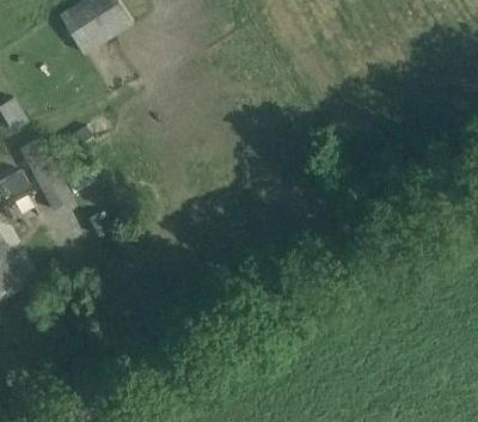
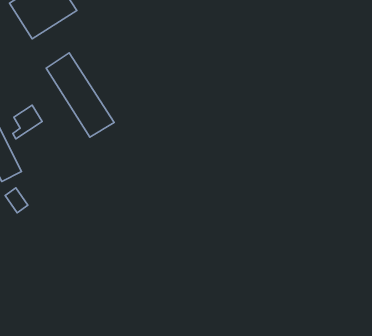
building: none -> [46,53,114,137]

